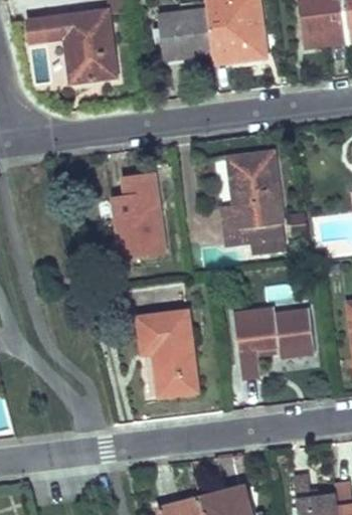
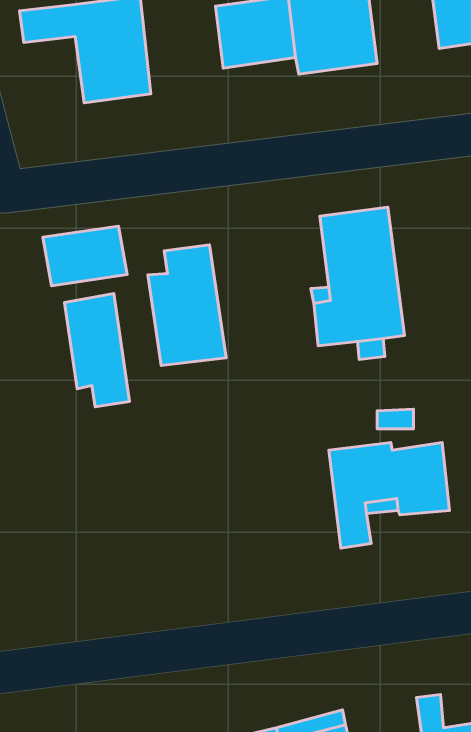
building: none -> [43,226,127,286]
building: none -> [65,294,130,407]
building: [139,313,197,397] -> none

